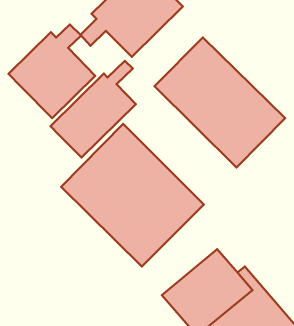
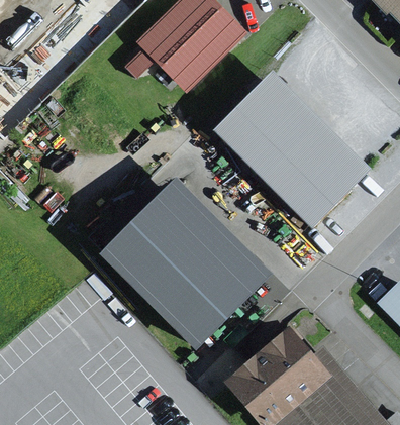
building: [9,24,95,118] -> none
building: [51,61,136,158] -> none

